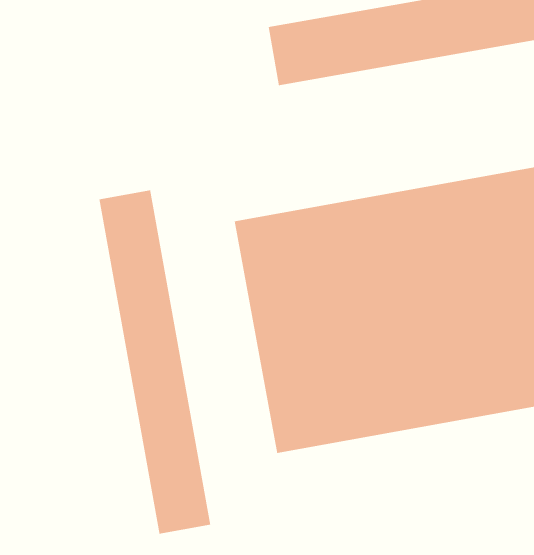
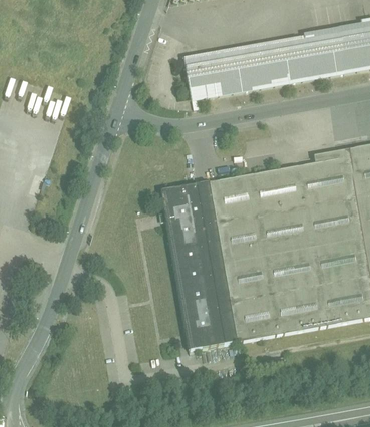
building: [99,190,211,535] -> none

